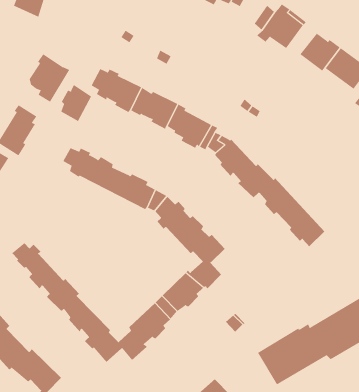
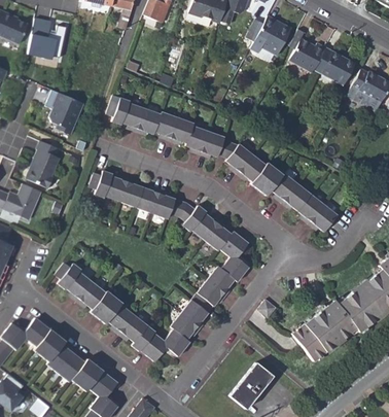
building: [60,84,92,122] -> none

